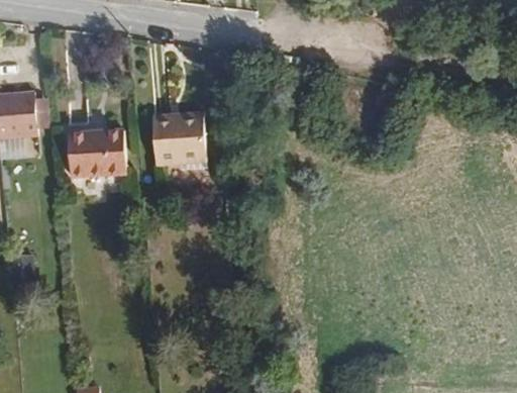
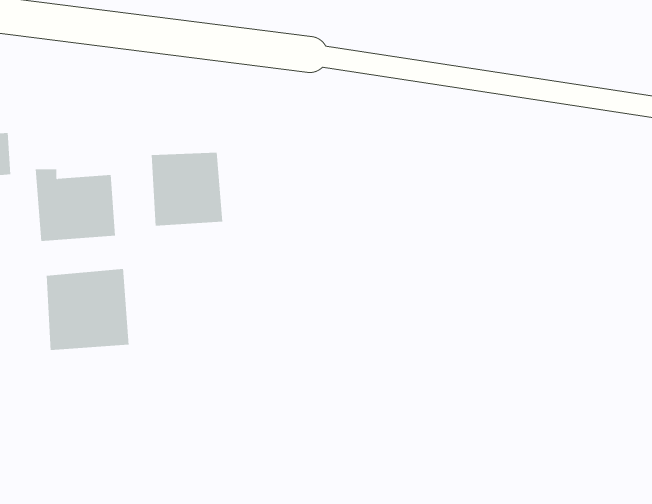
building: none -> [46,268,129,351]

